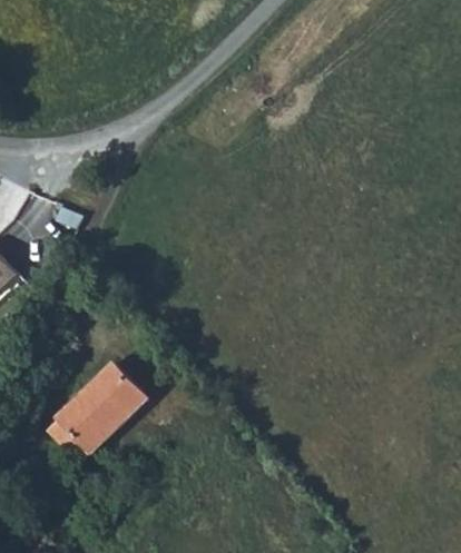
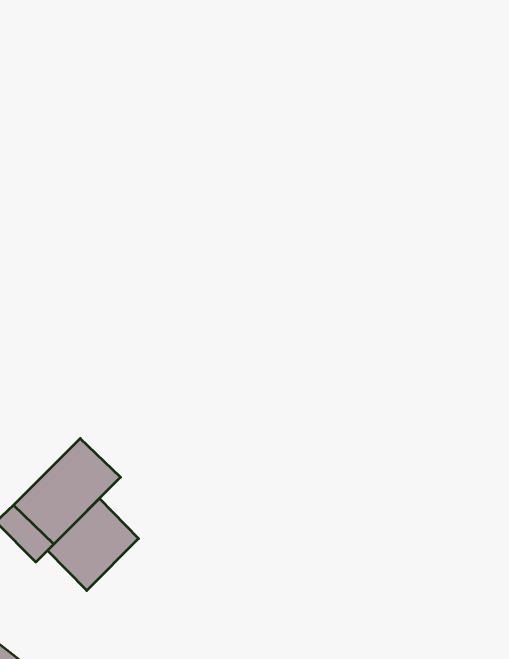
building: none -> [48,498,139,591]

